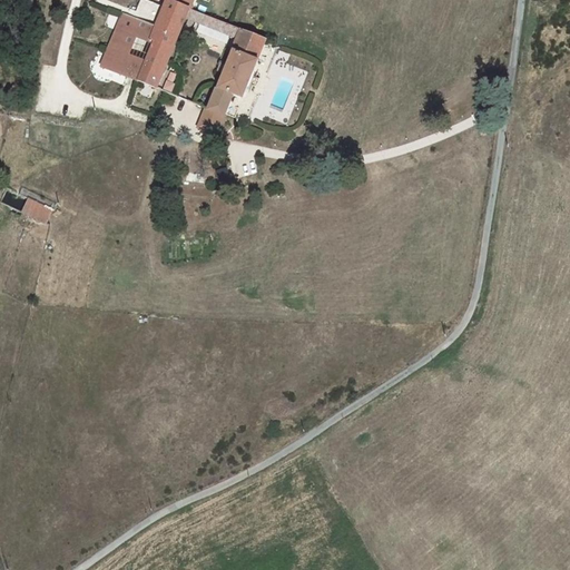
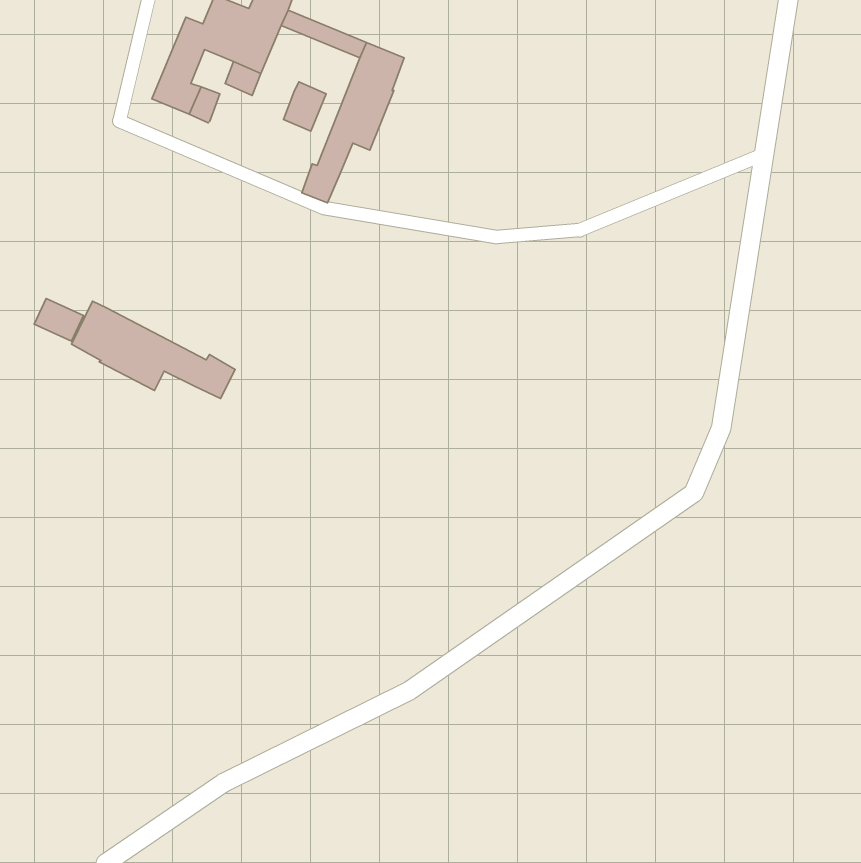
building: [137,55,165,87] -> [283,82,326,131]
building: none -> [72,301,235,399]

